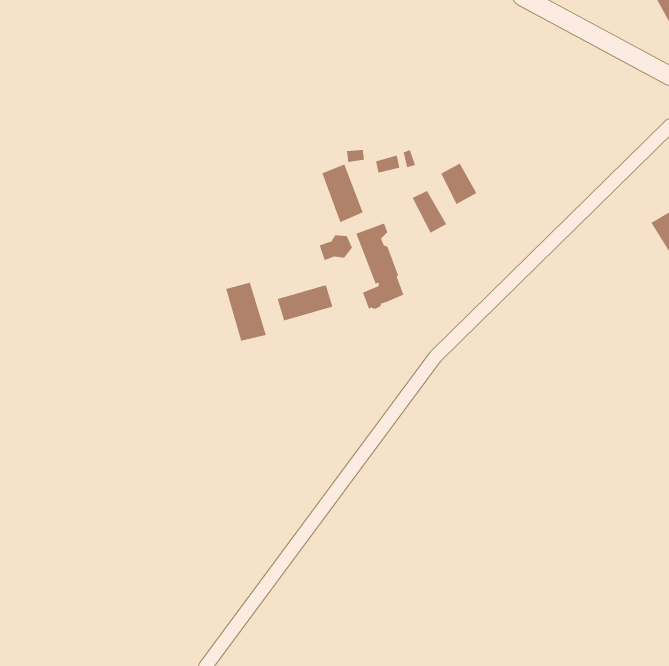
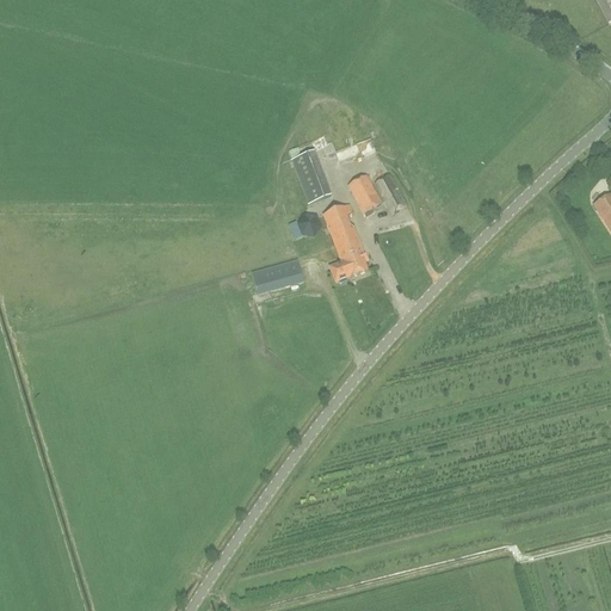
building: [441,163,477,205] -> [350,174,383,212]
building: [226,282,266,341] -> none

